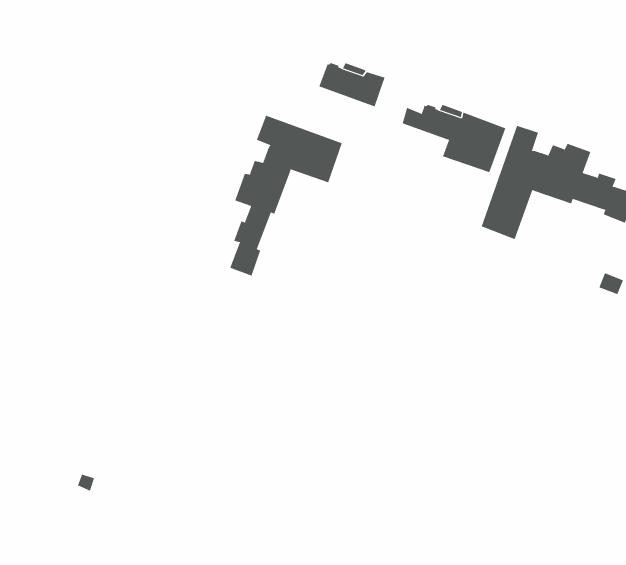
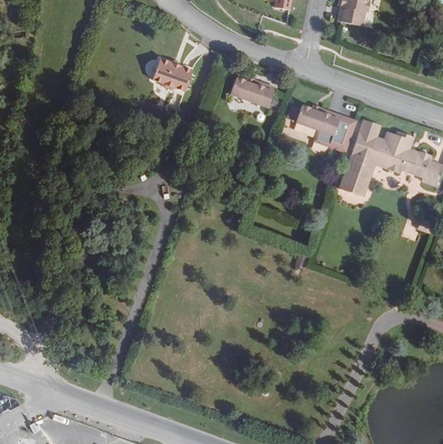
building: none -> [152,58,193,91]
building: [230,115,342,277] -> none

